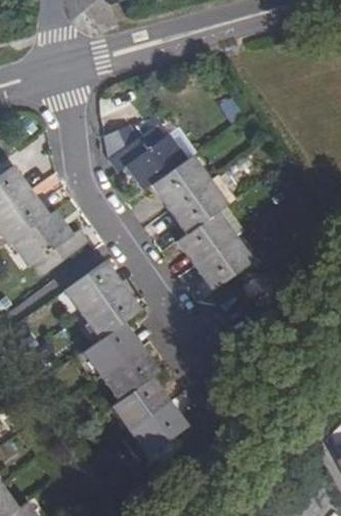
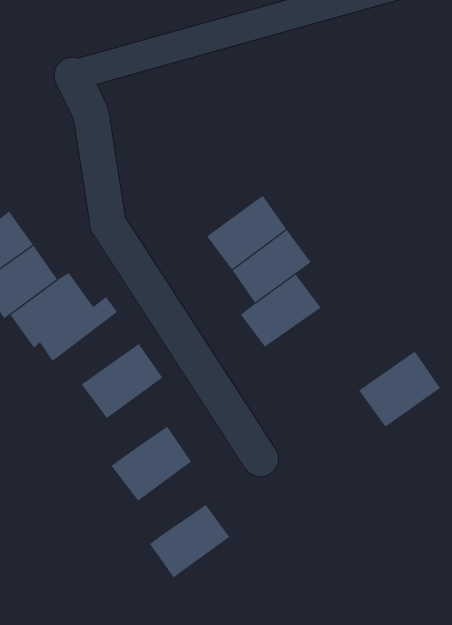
building: [108,126,185,190] -> none
building: [194,236,253,291] -> [358,351,441,428]
building: [80,286,138,340] -> none
building: [102,347,159,400] -> none
building: [128,401,186,457] -> none

